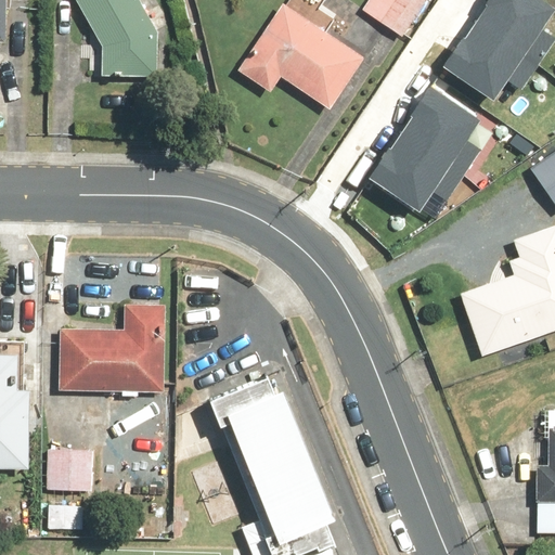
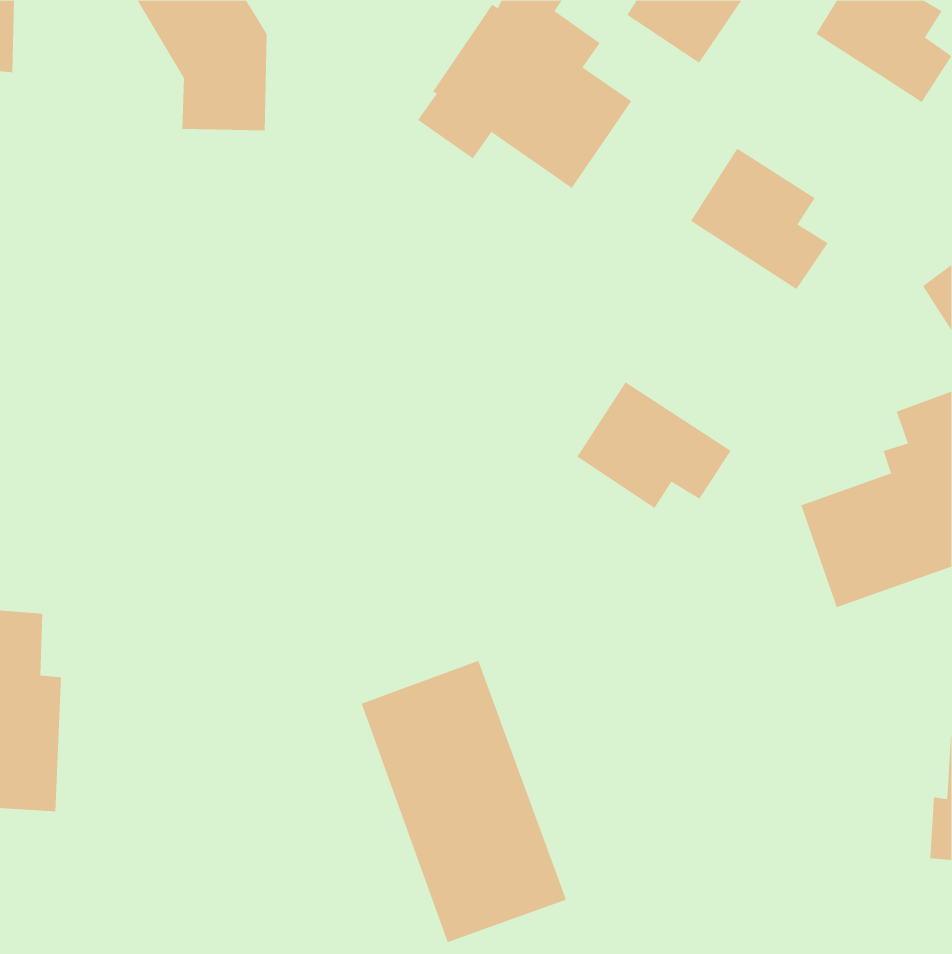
building: [444,21,534,93] -> none
building: [372,129,462,203] -> [576,382,732,509]
building: [63,305,170,390] -> none
building: [49,450,94,494] -> none

